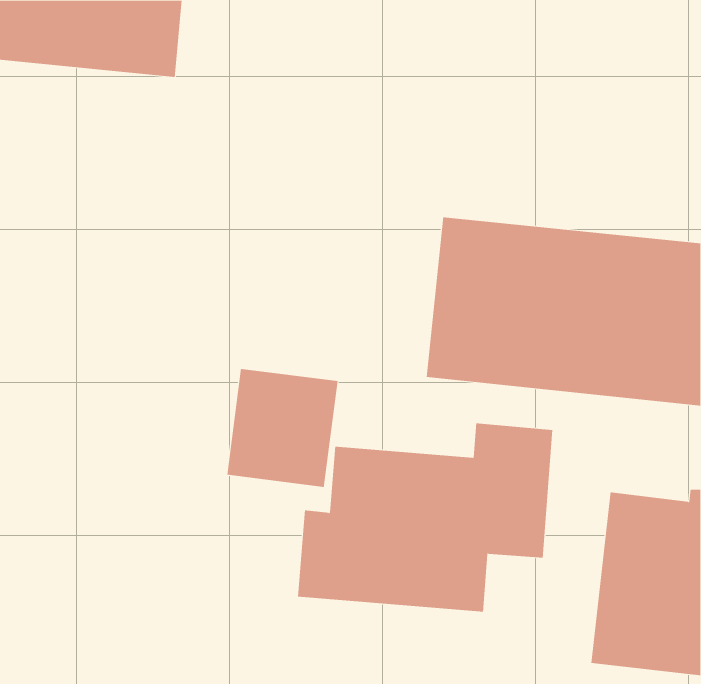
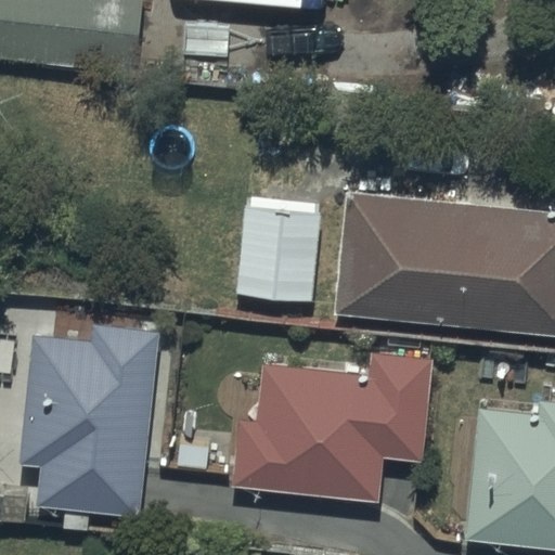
building: [226,369,338,487] -> [235,204,323,297]
building: none -> [26,320,159,513]

